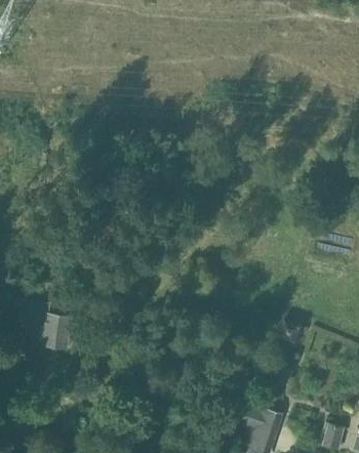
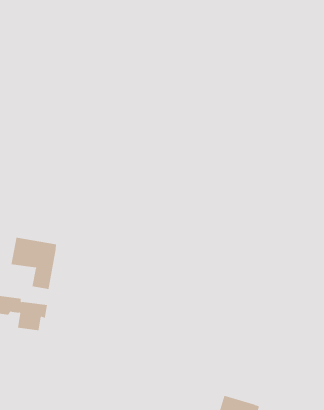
building: none -> [11,237,56,290]

